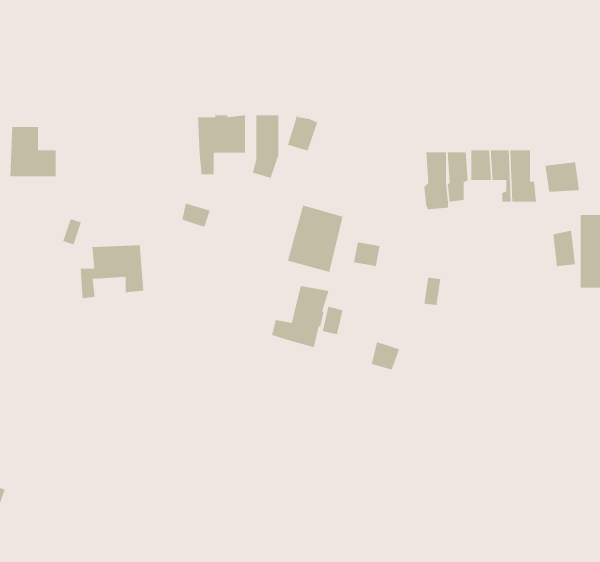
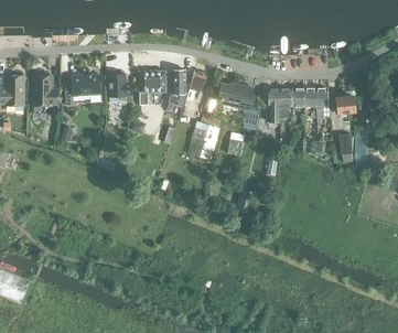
building: none -> [108,73,132,101]
building: none -> [219,83,254,108]
building: [80,244,144,299] -> [65,74,101,105]
building: [271,285,330,348] -> none

